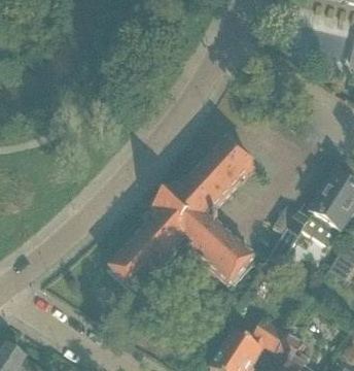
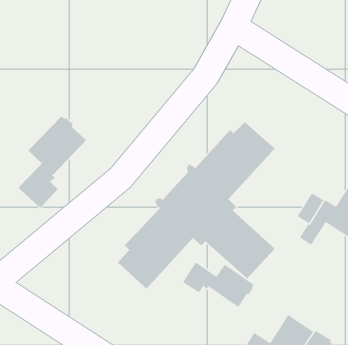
building: none -> [17,115,87,210]
building: none -> [181,262,255,308]

